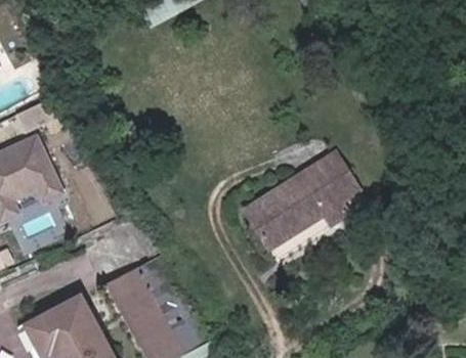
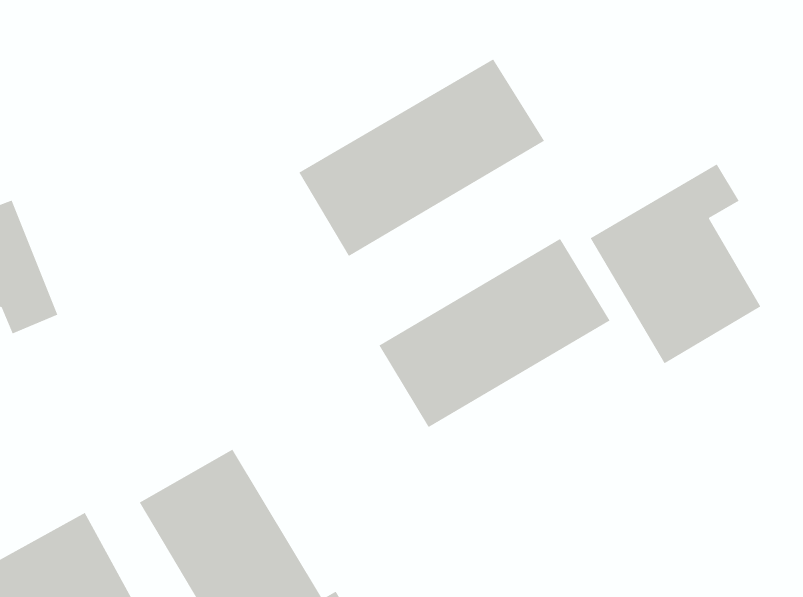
building: none -> [299,59,545,257]
building: none -> [590,163,761,364]

